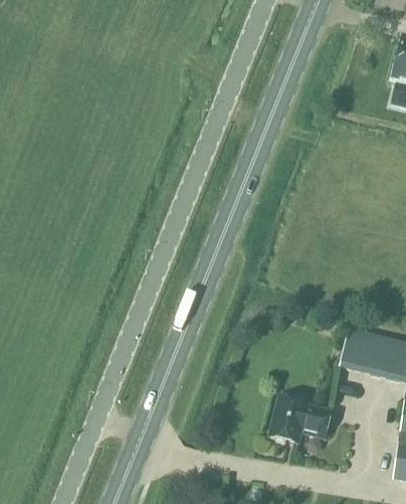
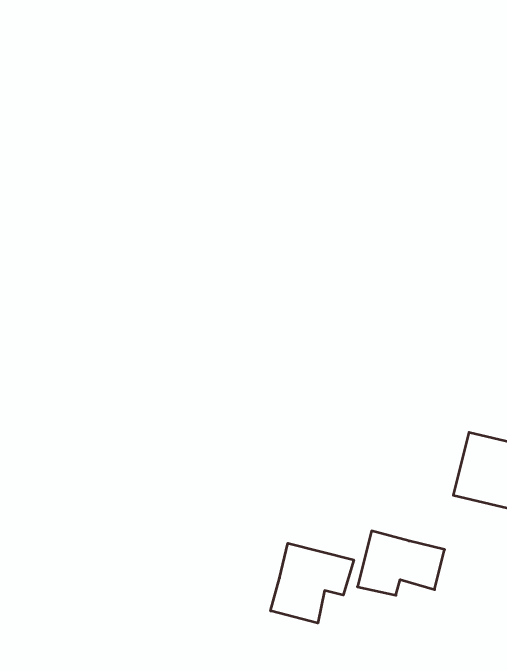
building: none -> [271,543,354,623]

